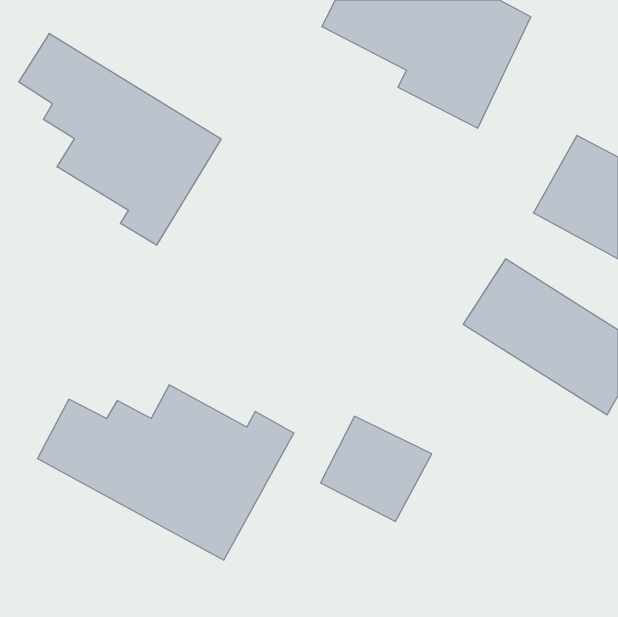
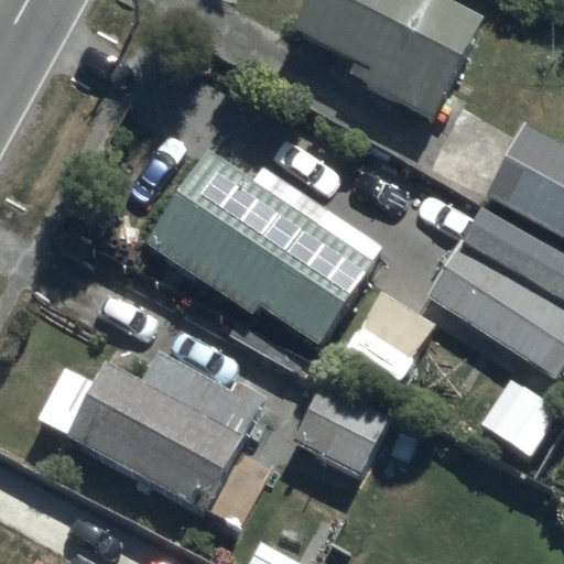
building: [19,33,221,245] -> none
building: none -> [143,140,382,345]

